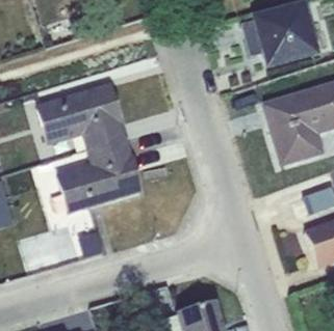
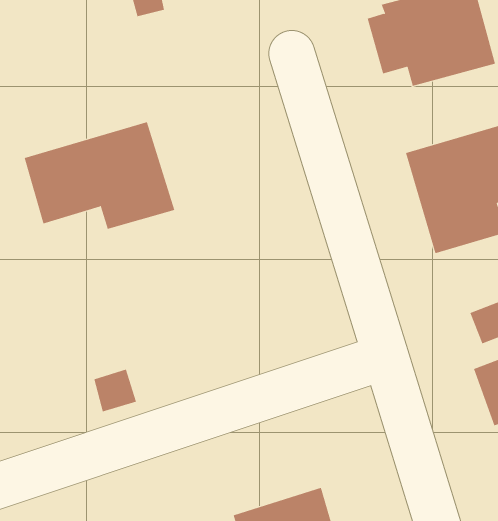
building: [56,137,142,212] -> none

